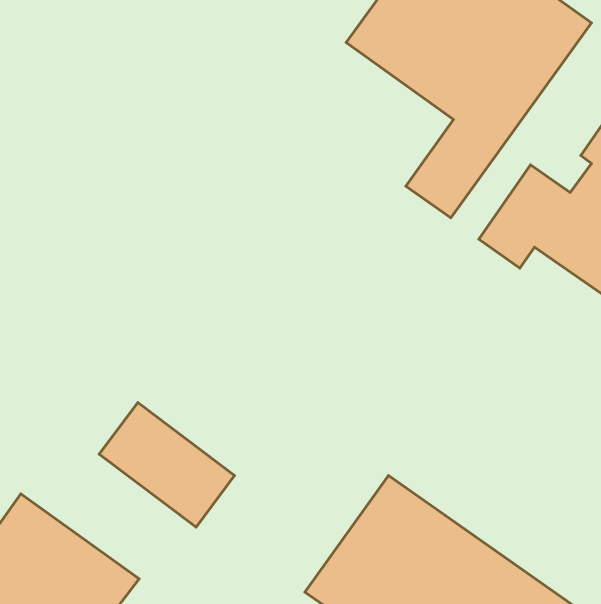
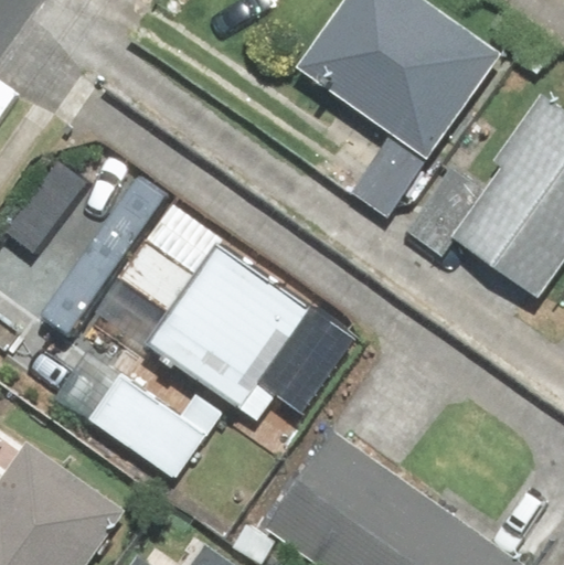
building: none -> [121,241,319,413]

